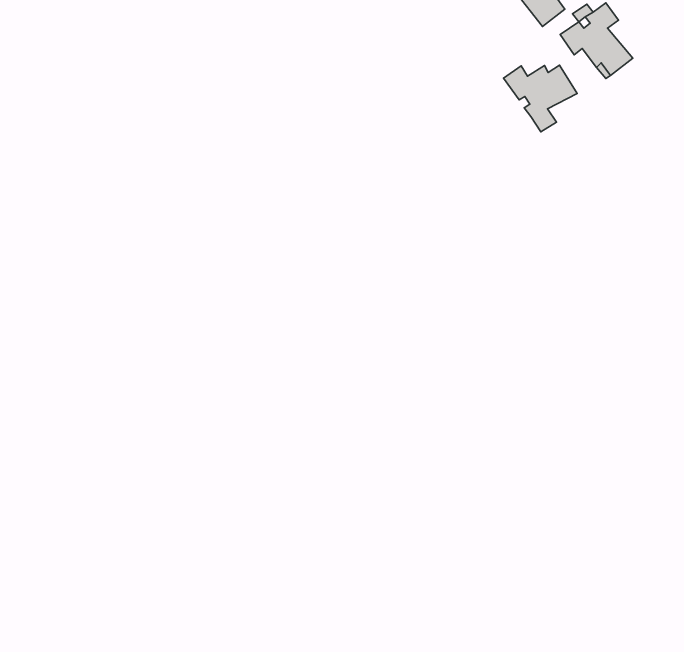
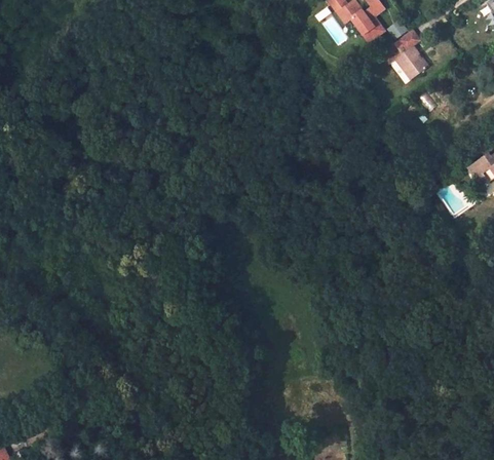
building: [504,65,577,132] -> none

